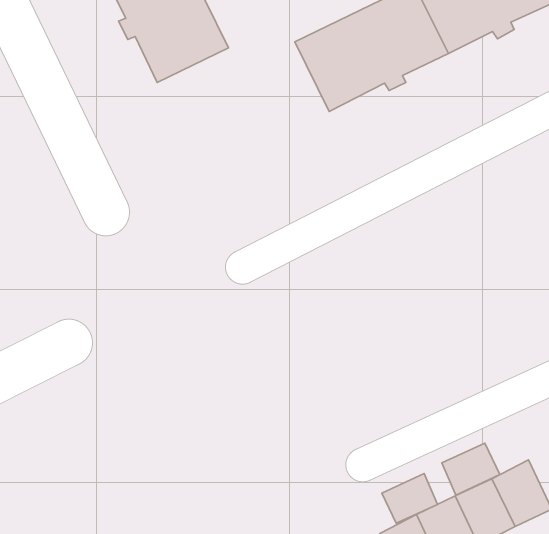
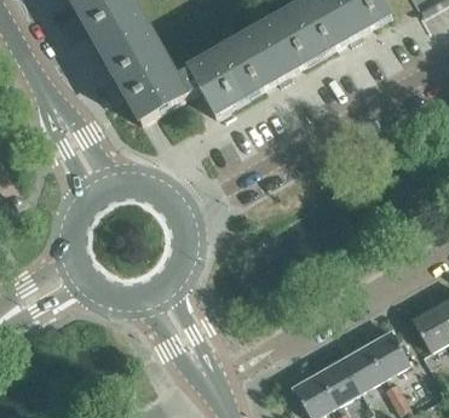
building: none -> [122,51,241,119]
building: [442,443,500,495] -> none
building: [382,473,438,523] -> none

